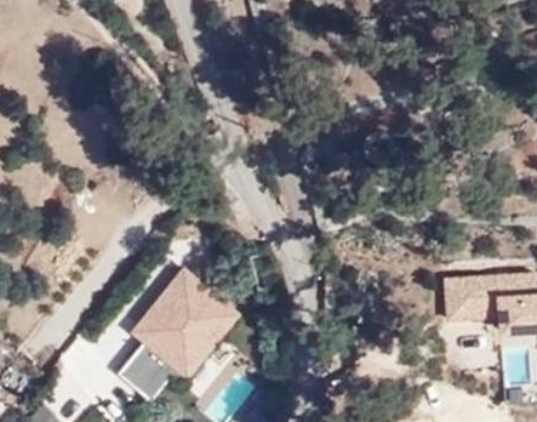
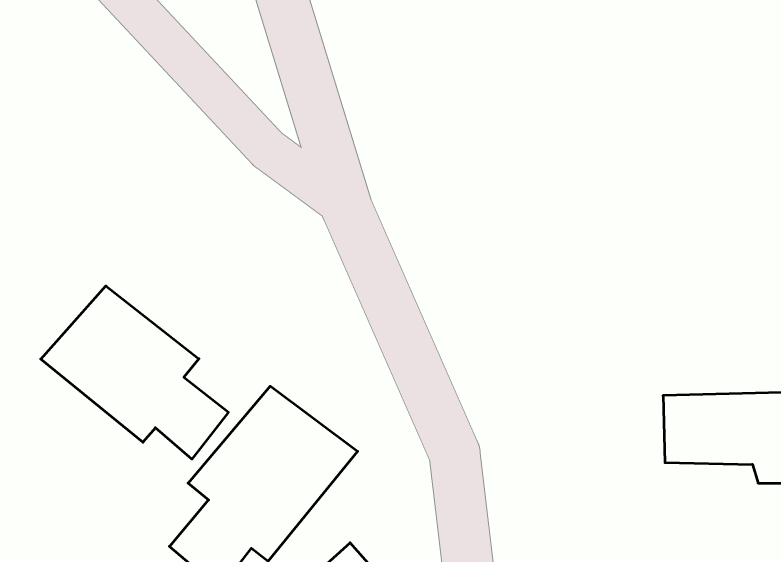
building: none -> [41,286,228,459]

